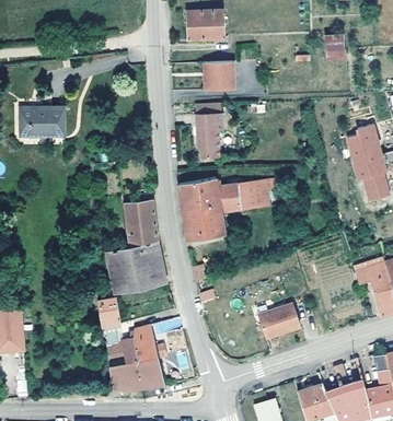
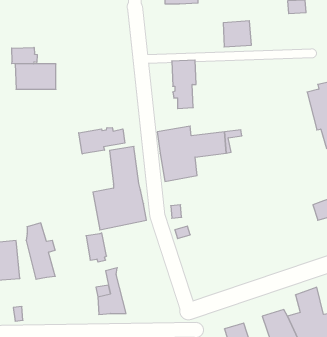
building: [204,57,235,86] -> [223,21,251,47]
building: none -> [12,47,37,64]
building: none -> [79,128,125,154]
building: [258,303,301,338] -> none
building: [132,325,165,388] -> [26,223,55,279]

